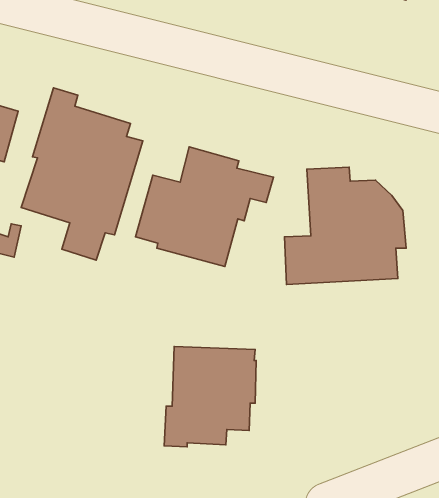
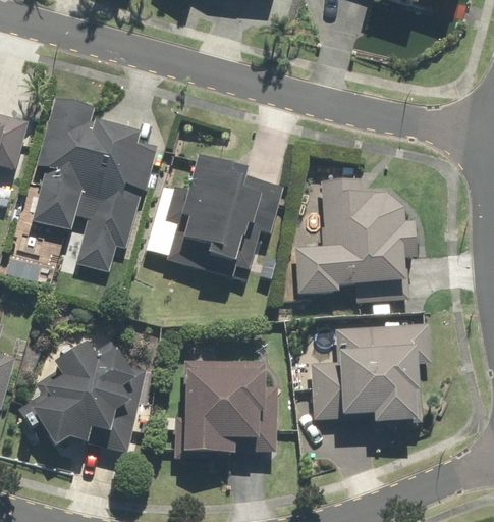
building: none -> [311,322,433,423]
building: none -> [17,338,139,448]

